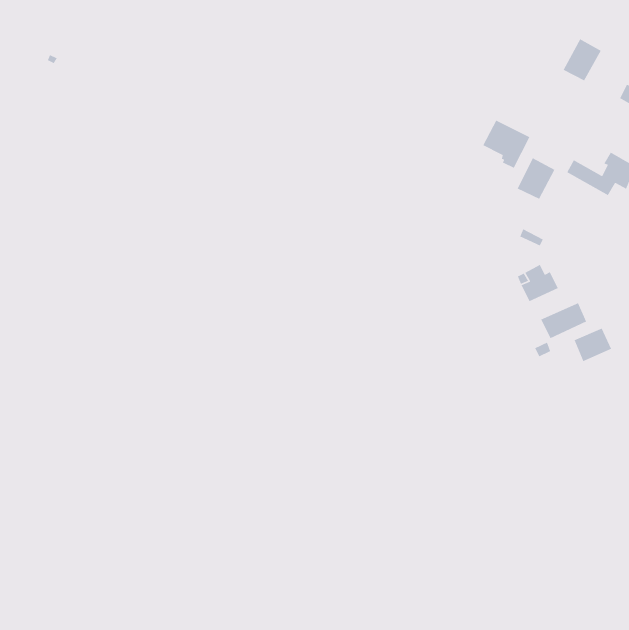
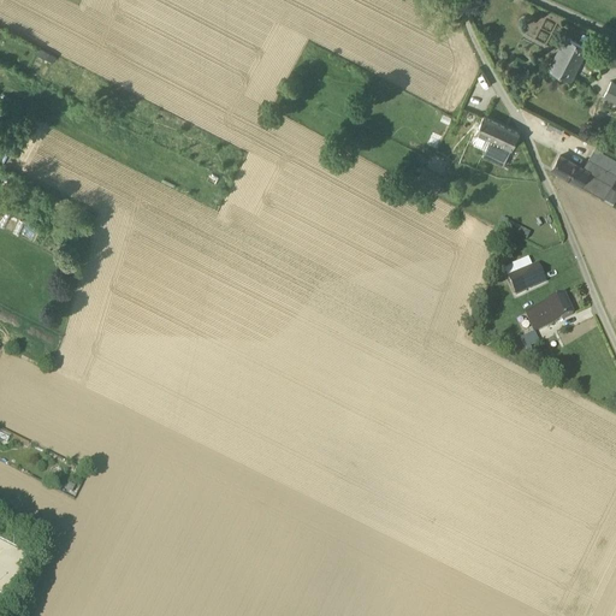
building: [517,157,555,200] -> none
building: [574,328,612,362] -> none

